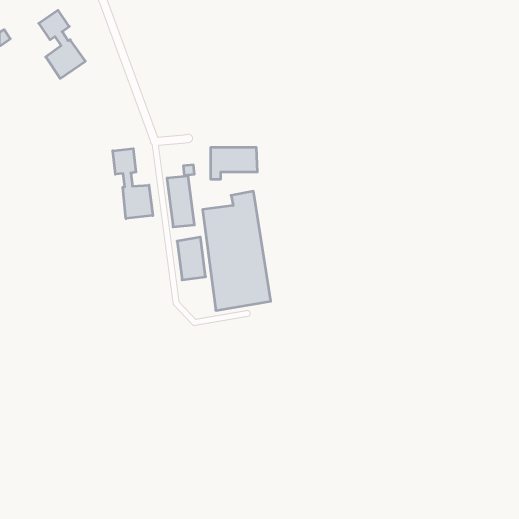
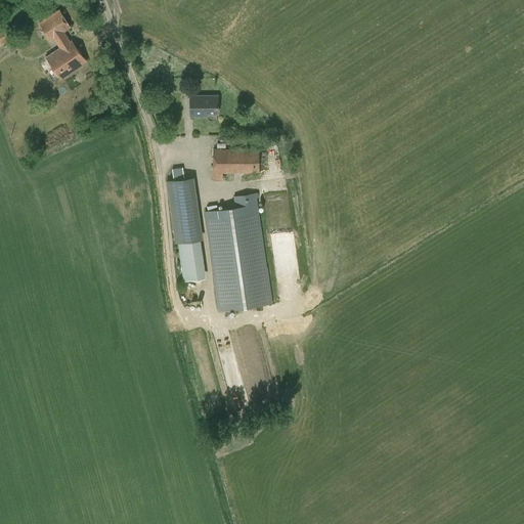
building: none -> [189,97,217,117]
building: [113,149,153,219] -> none

